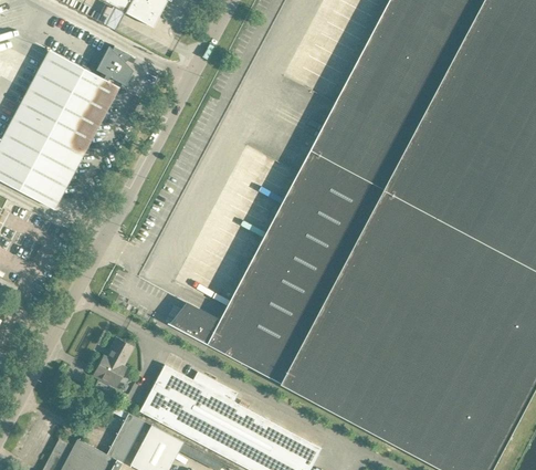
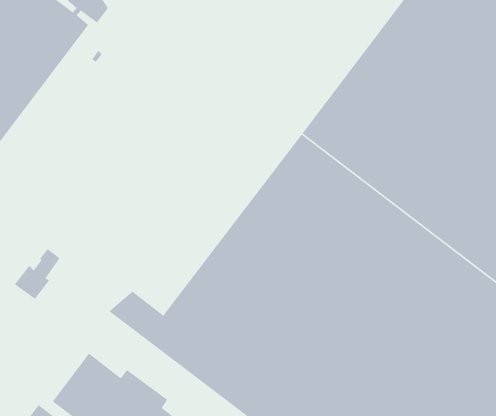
building: [93,341,128,386] -> [14,248,60,300]

